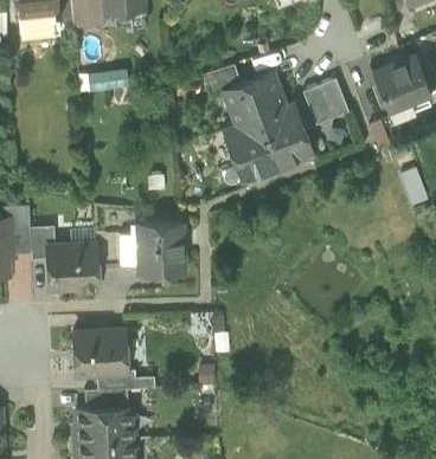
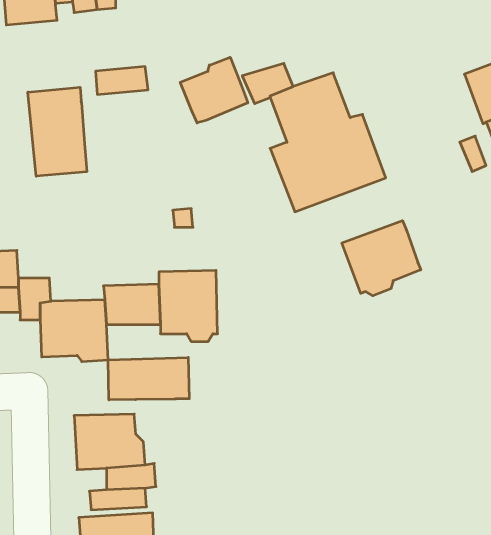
building: none -> [180,57,248,123]
building: [303,77,350,123] -> none
building: none -> [28,87,87,176]
building: none -> [342,221,421,296]
building: none -> [108,357,189,400]

